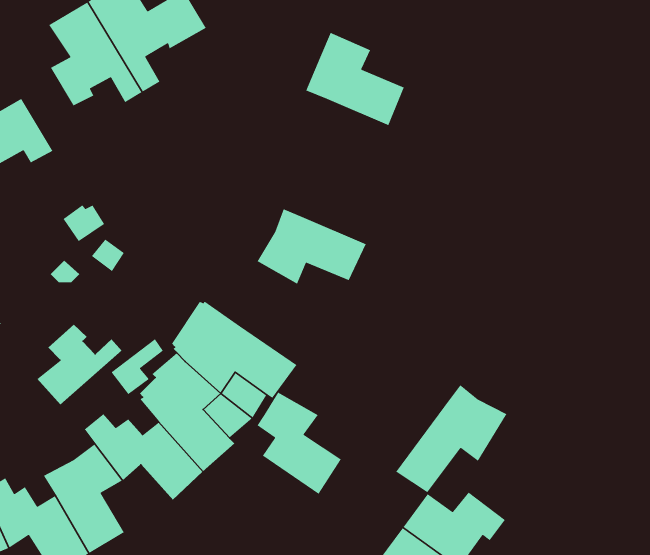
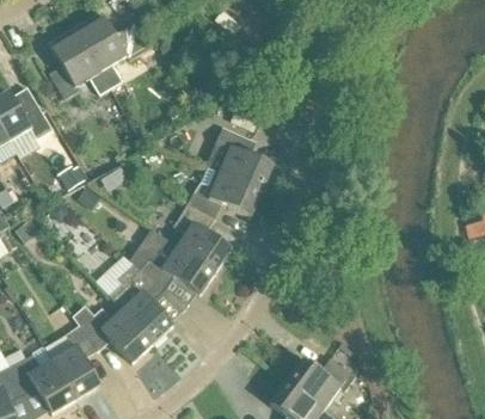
building: [305,32,405,126] -> [205,129,272,192]
building: [37,324,122,405] -> none
building: [395,384,507,493] -> none
building: [256,392,342,495] -> [173,204,231,273]

